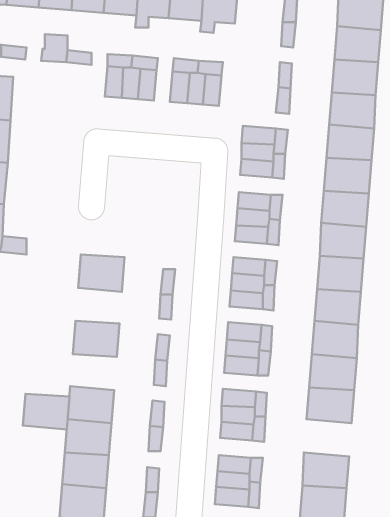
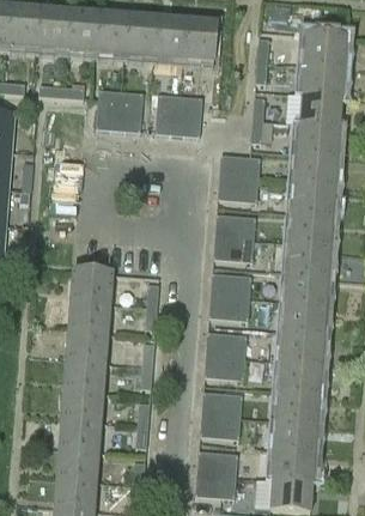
building: none -> [69,301,111,333]
building: [23,394,69,430] -> [65,360,107,393]
building: none -> [275,419,318,453]

